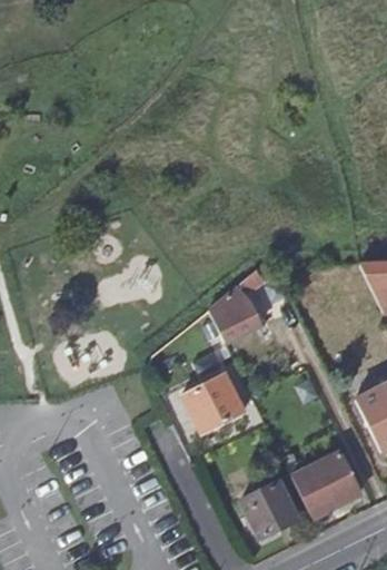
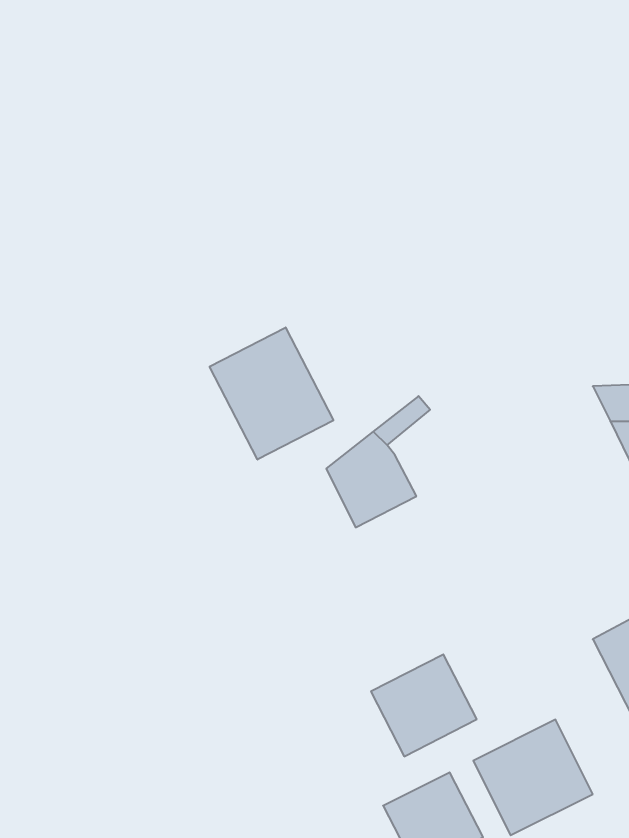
building: none -> [210,327,333,460]
building: [183,374,244,432] -> [371,654,477,756]

